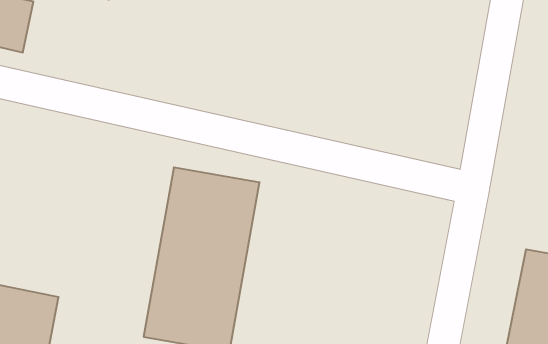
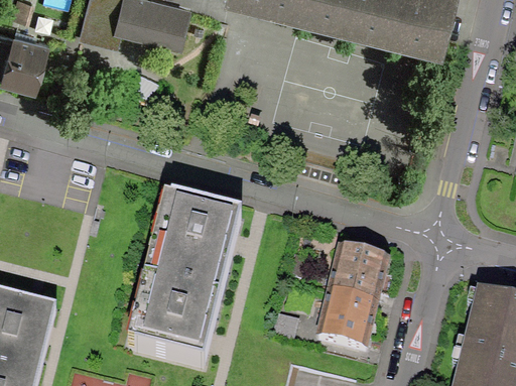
building: none -> [317,243,390,349]

